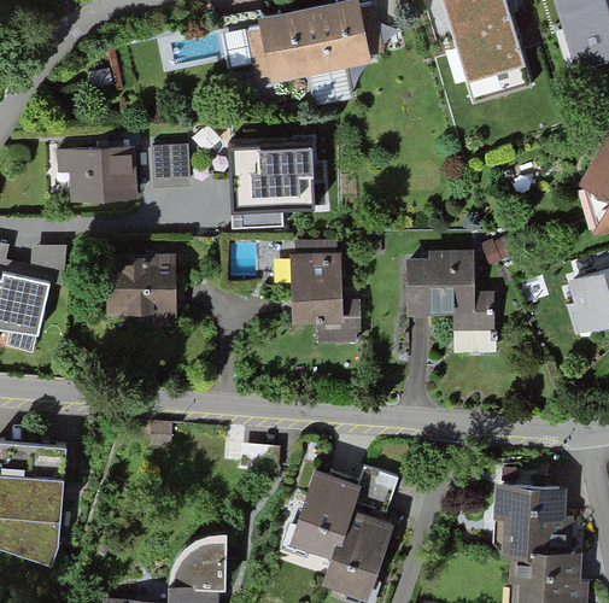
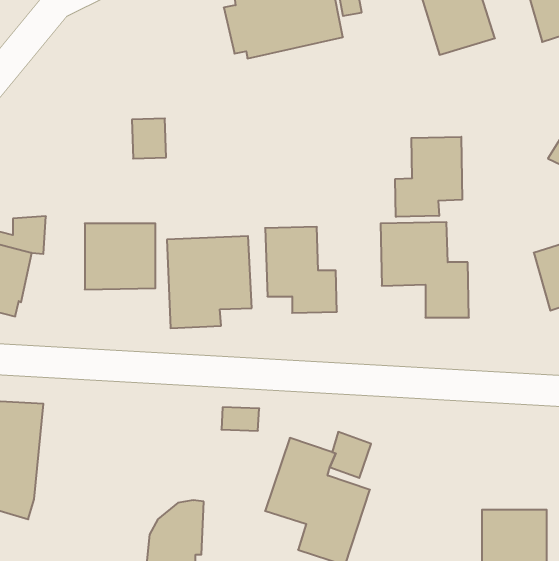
building: [228,136,315,230] -> [167,236,252,328]
building: [55,146,140,204] -> none
building: none -> [395,137,462,217]
building: [491,478,557,545] -> none

